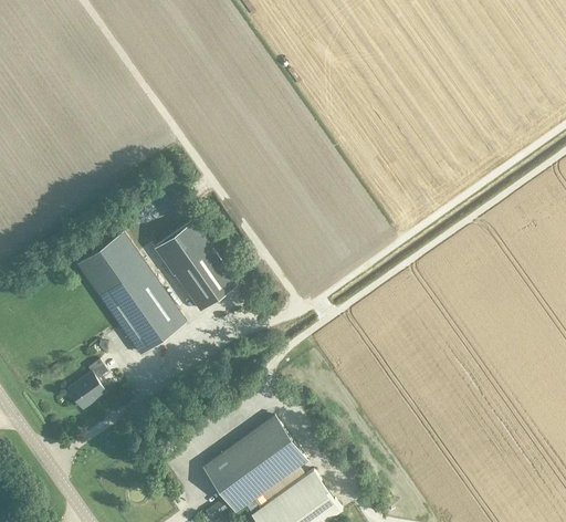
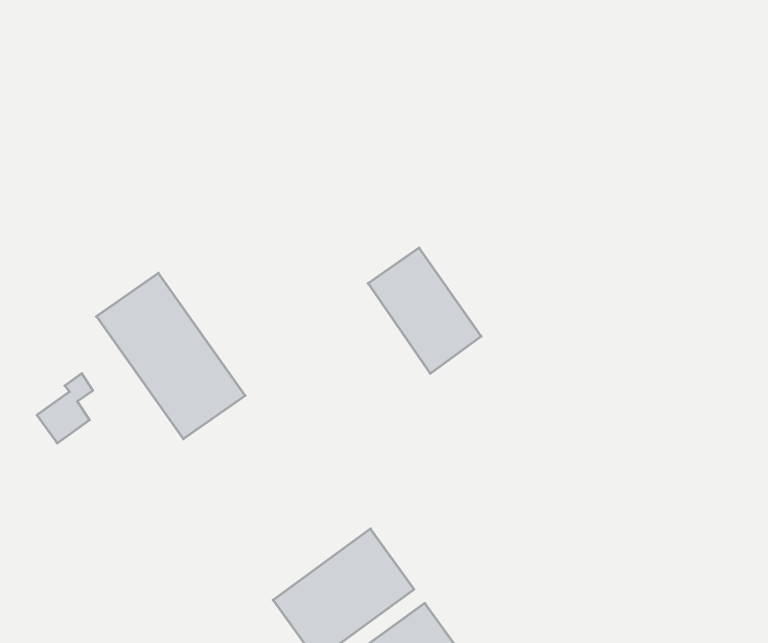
building: [156,221,237,311] -> [368,248,481,373]
building: [67,359,107,409] -> [37,373,93,443]

